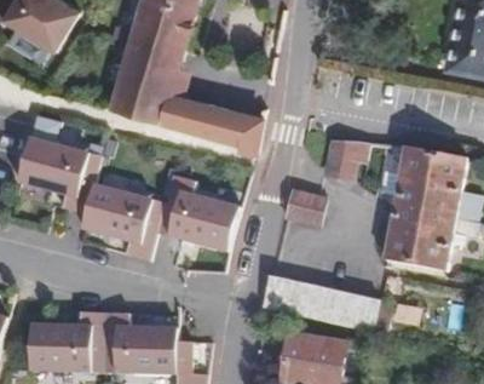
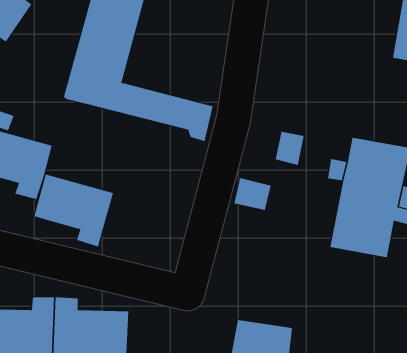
building: [155,173,240,252] -> none
building: [264,276,391,328] -> none

